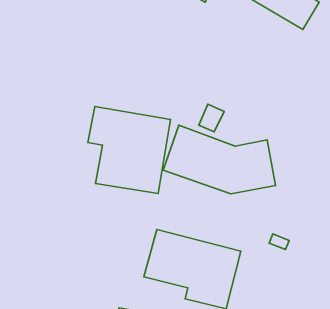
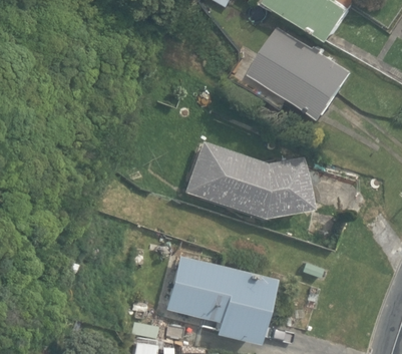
building: none -> [252,26,352,115]
building: [88,107,170,193] -> none

